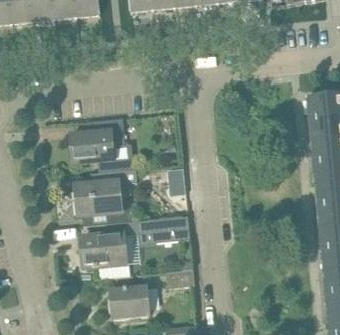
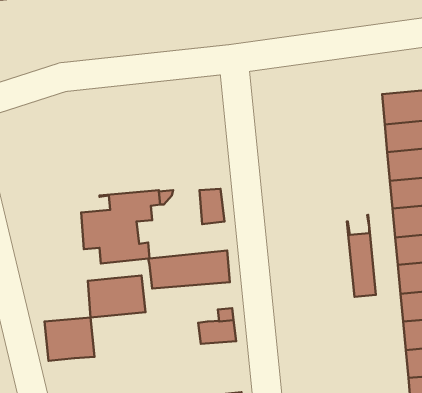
building: [70,117,124,162] -> none
building: none -> [347,215,376,297]
building: [110,285,148,318] -> [44,317,94,361]

